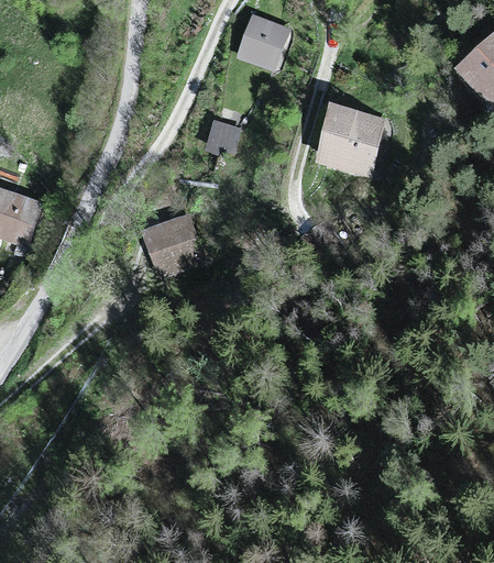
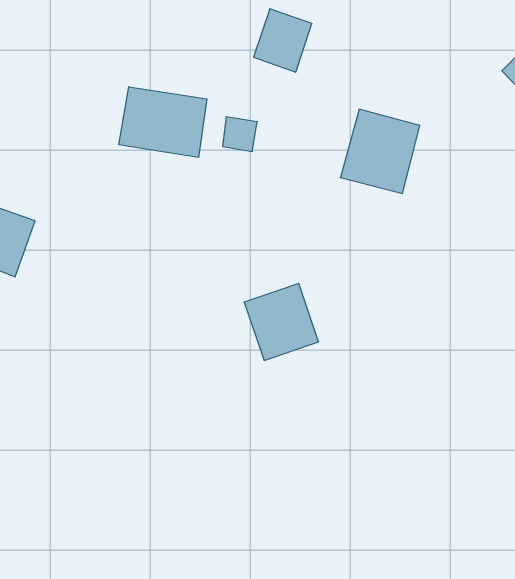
building: none -> [119,87,207,157]
building: [140,206,206,274] -> [244,283,319,360]

